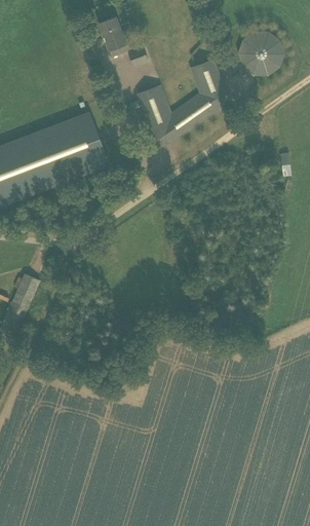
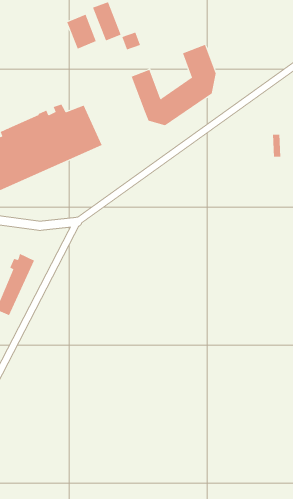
building: [234,23,286,75] -> none
building: none -> [66,14,97,49]

